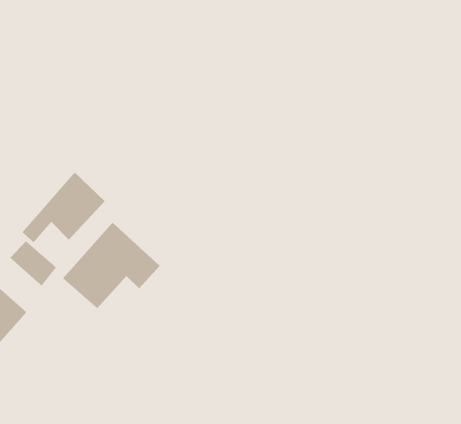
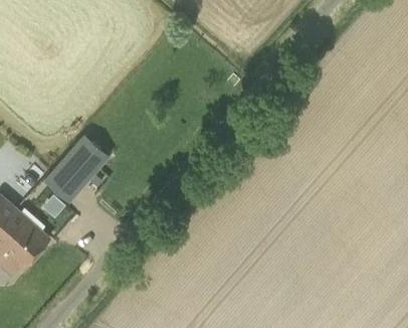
building: [62,222,160,309] -> none

